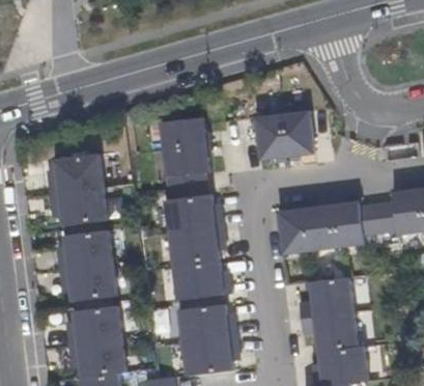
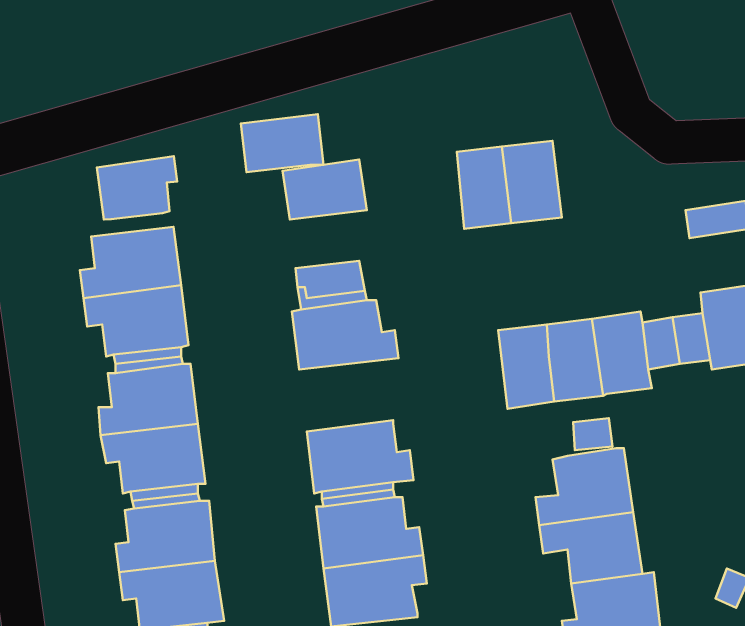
building: none -> [97,156,177,219]
building: [163,145,208,177] -> [241,114,323,172]
building: [168,227,225,268] -> none

